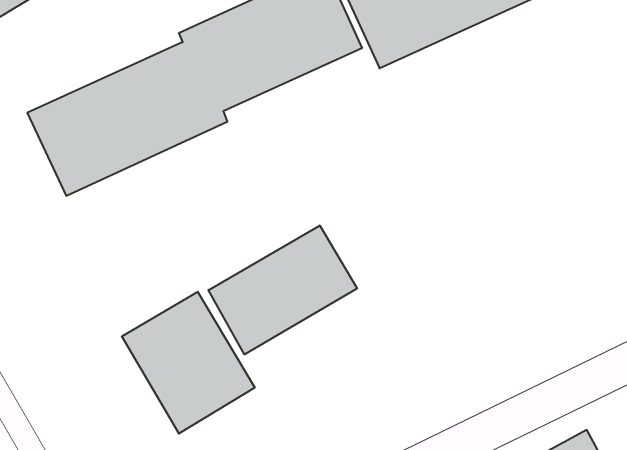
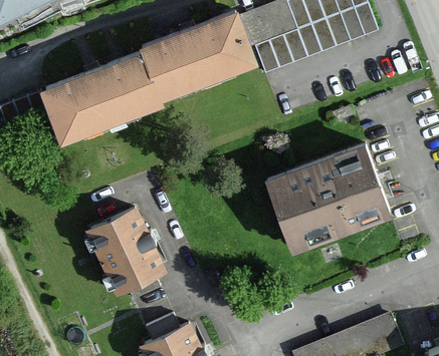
building: none -> [262,138,389,248]
building: [208,225,357,354] -> none

